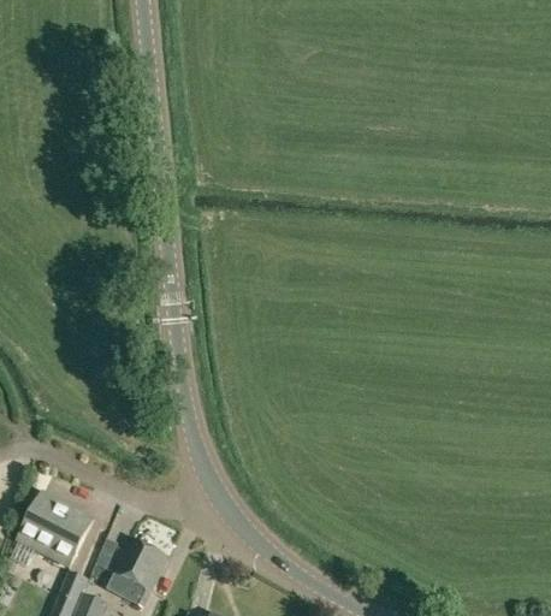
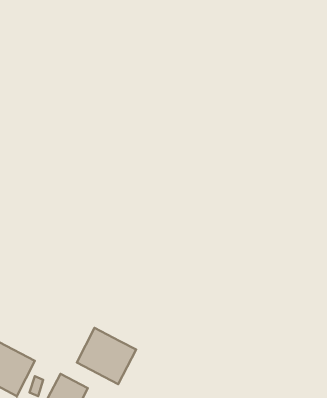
building: none -> [77,328,136,384]

